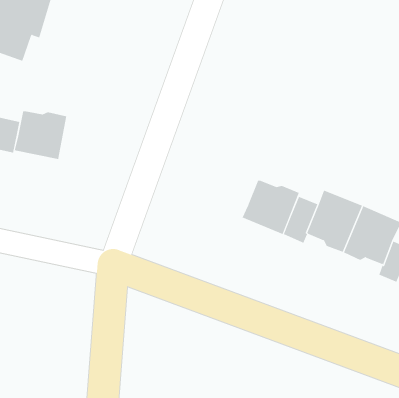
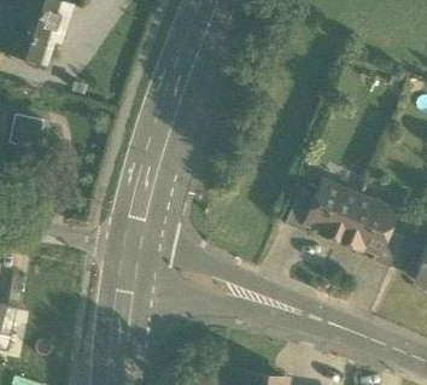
building: [14,110,67,160] -> none
building: [242,180,299,235] -> none

